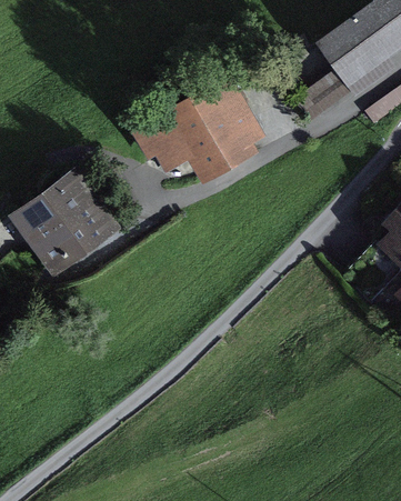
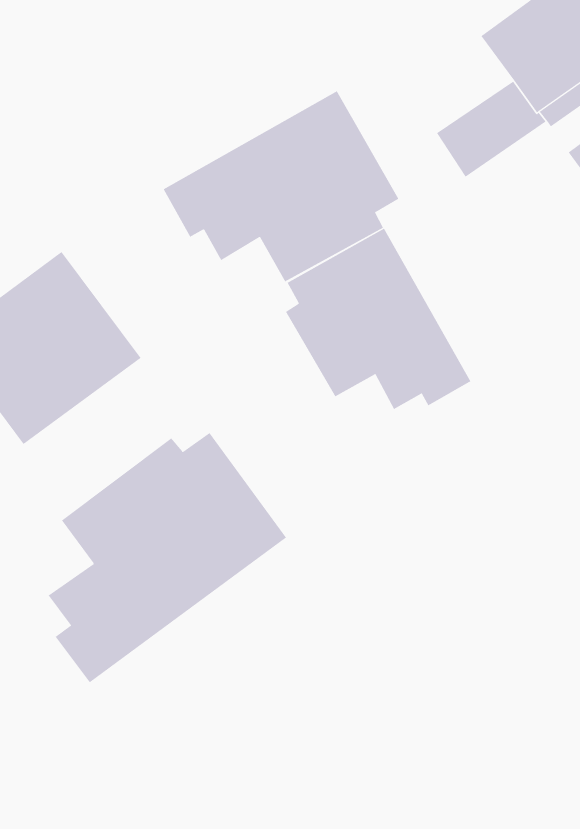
building: none -> [285,228,471,410]
building: none -> [48,432,287,683]

